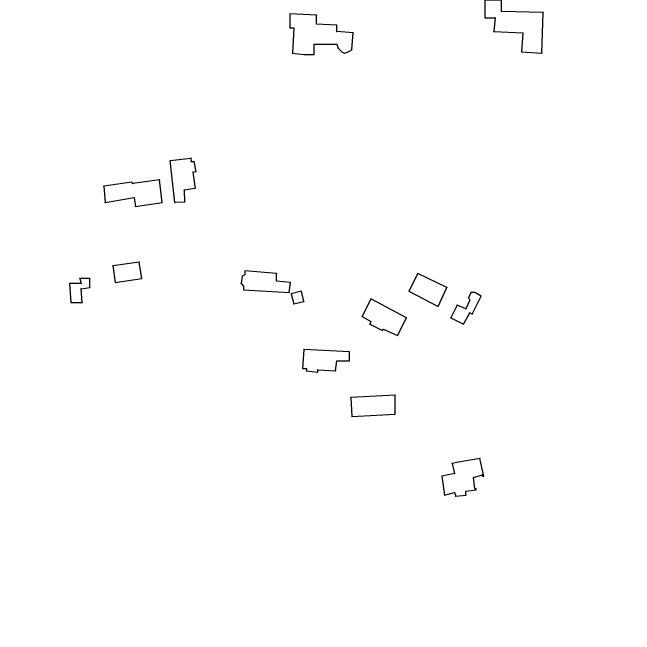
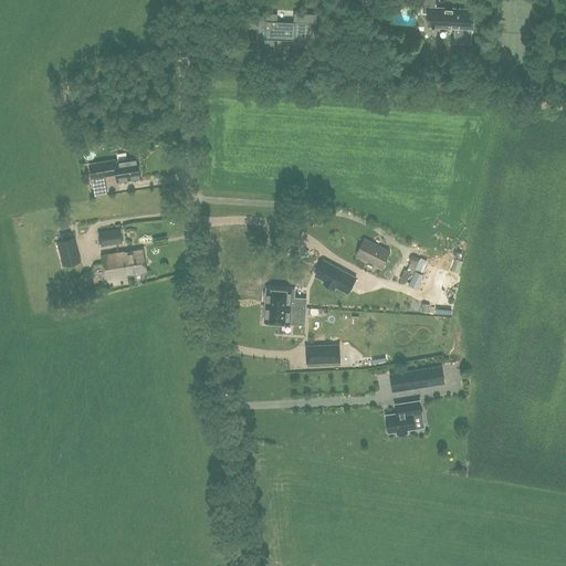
building: [170,158,196,203] -> none
building: [241,271,290,293] -> [263,289,306,307]
building: none -> [102,249,147,276]
building: none -> [403,367,439,388]

